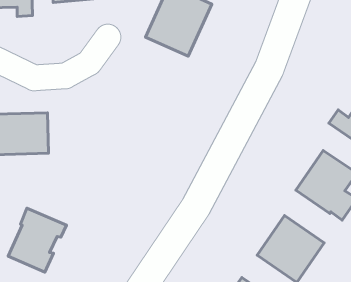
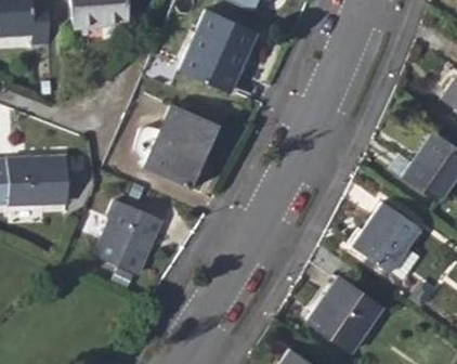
building: none -> [144,107,216,187]
building: [8,208,67,272] -> [94,200,161,274]

